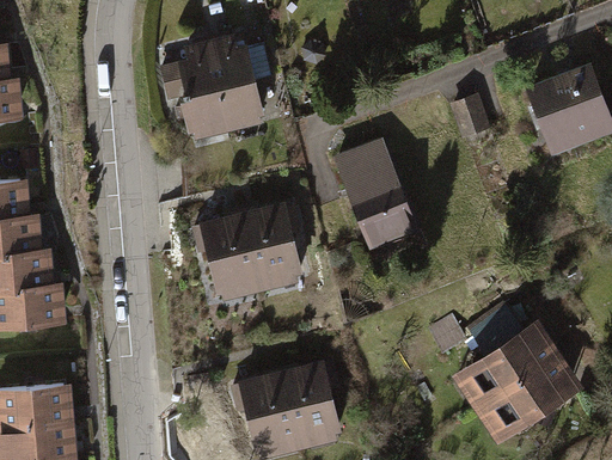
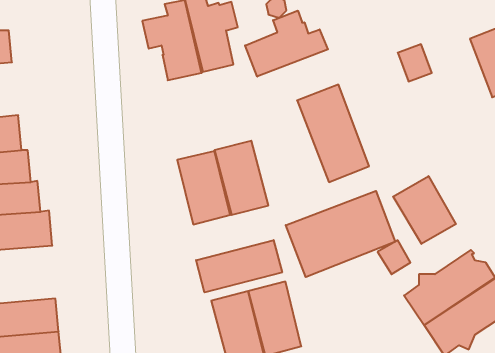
building: none -> [245,11,328,77]
building: none -> [393,176,456,244]
building: none -> [286,191,395,277]
building: none -> [196,240,282,292]

